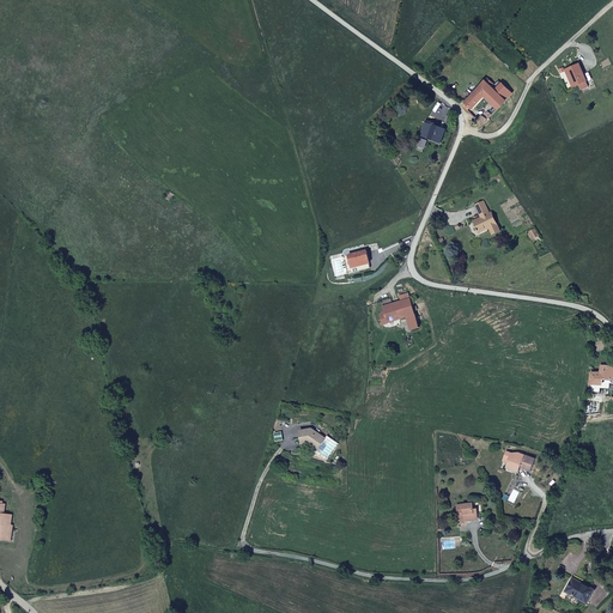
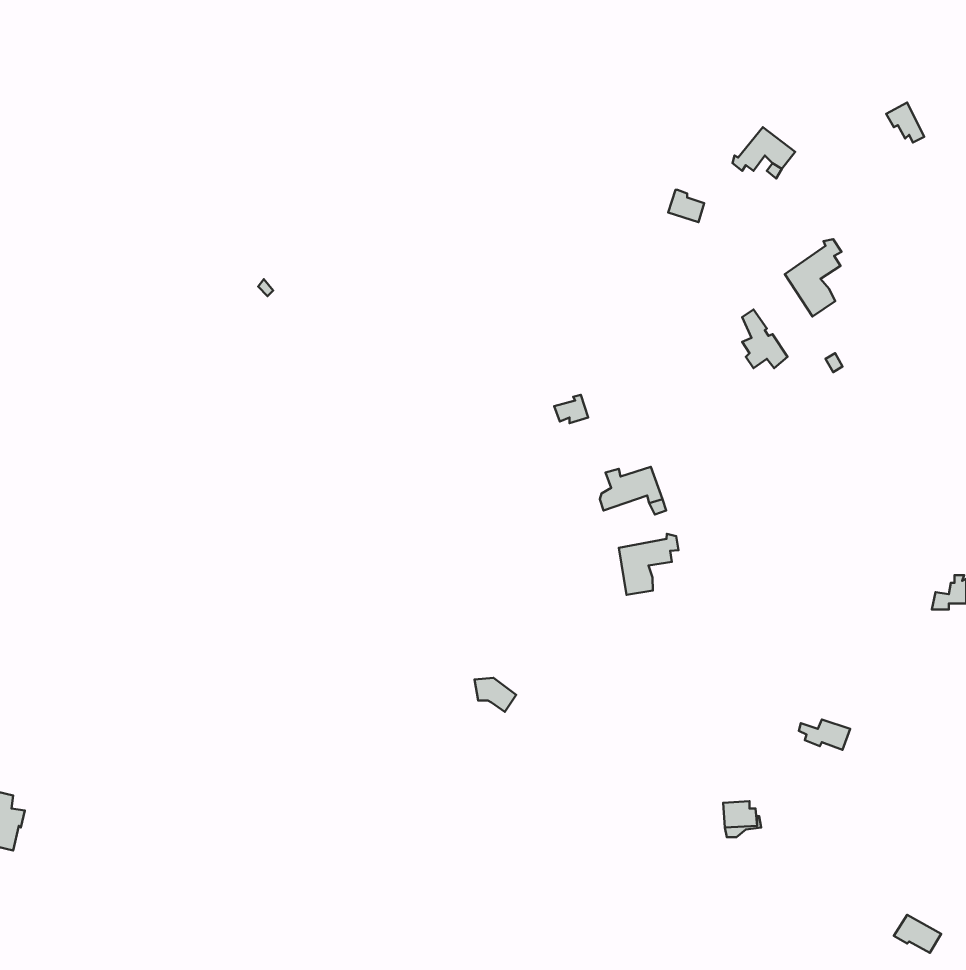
building: none -> [785,239,842,316]
building: none -> [619,534,679,595]

